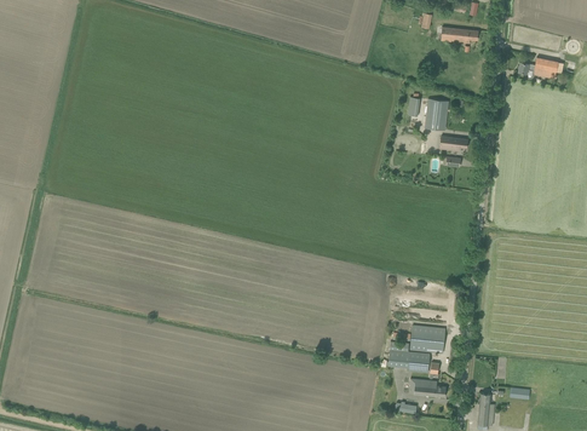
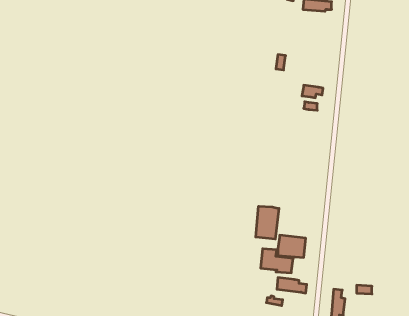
building: [518,57,563,80] -> none
building: [425,99,448,131] -> none
building: none -> [256,206,279,239]

